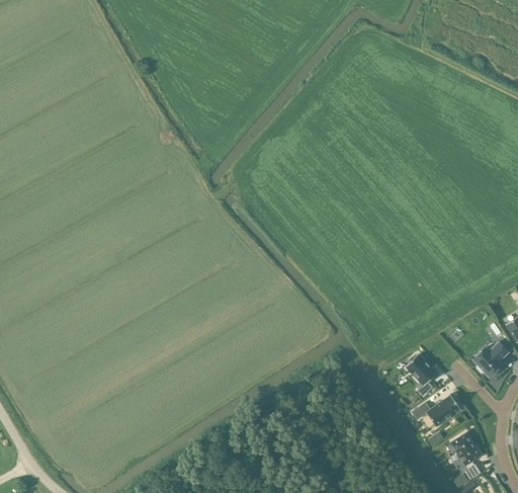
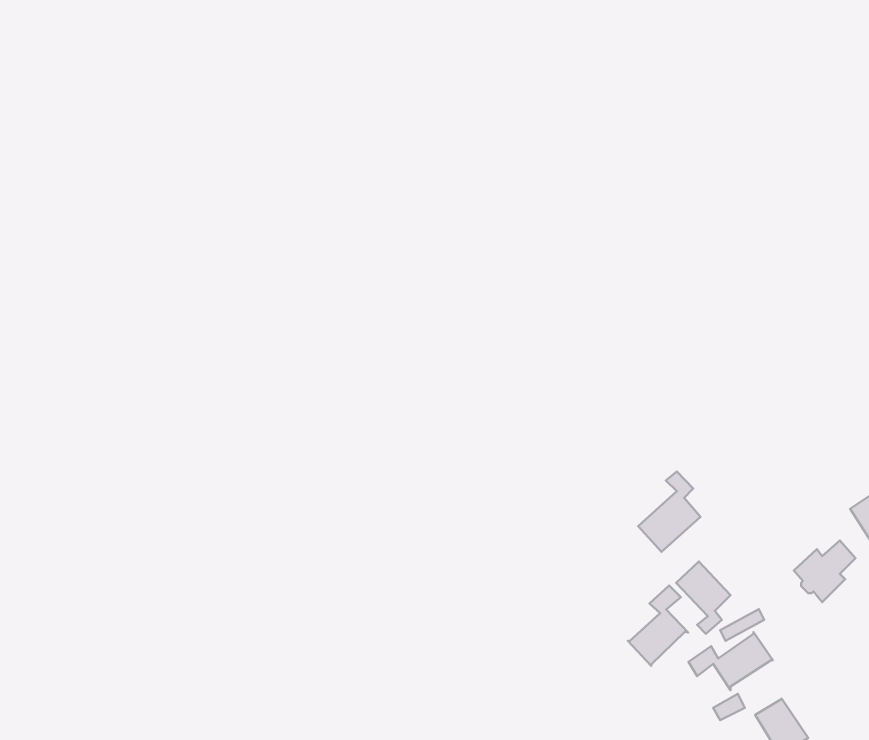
building: none -> [638,471,700,552]
building: none -> [628,585,688,666]

